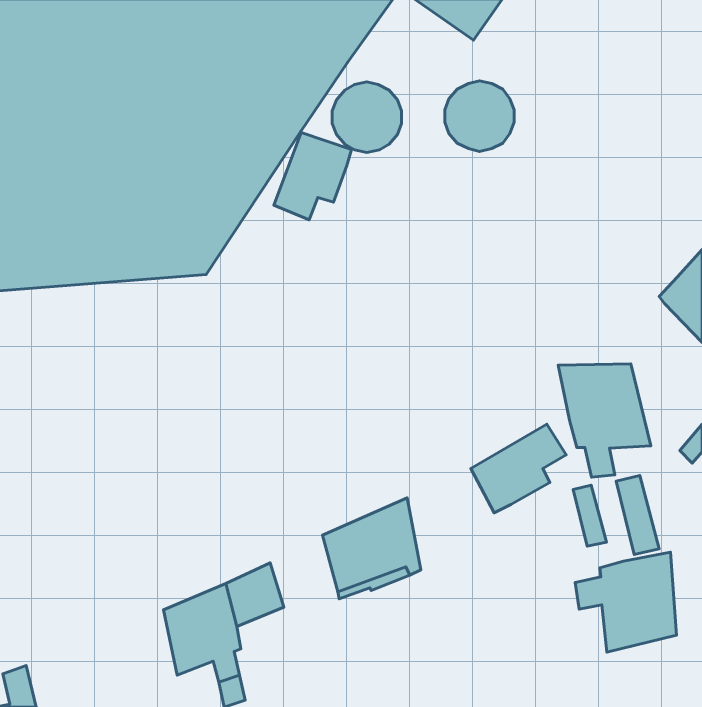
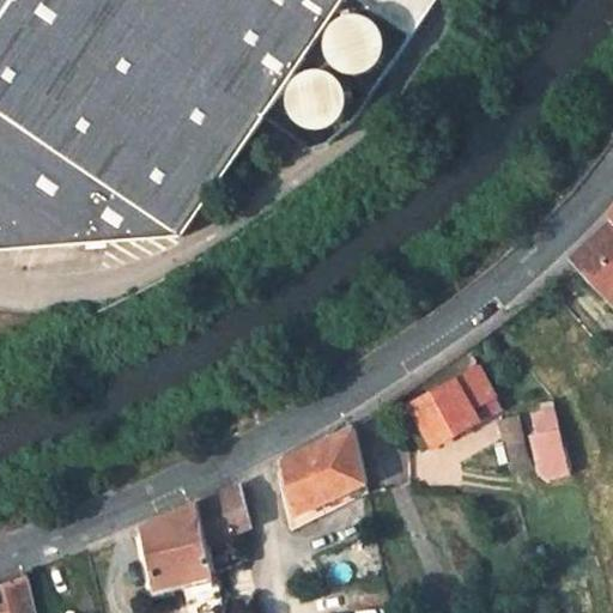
building: [445,81,514,151] -> [324,16,384,77]
building: [274,133,351,220] -> none
building: [558,364,651,477] -> none
building: [575,552,676,652] -> none

